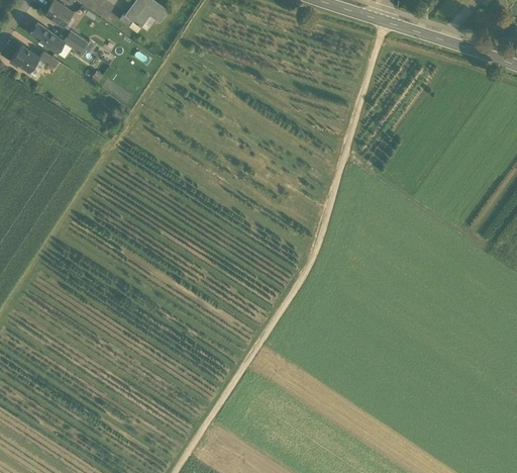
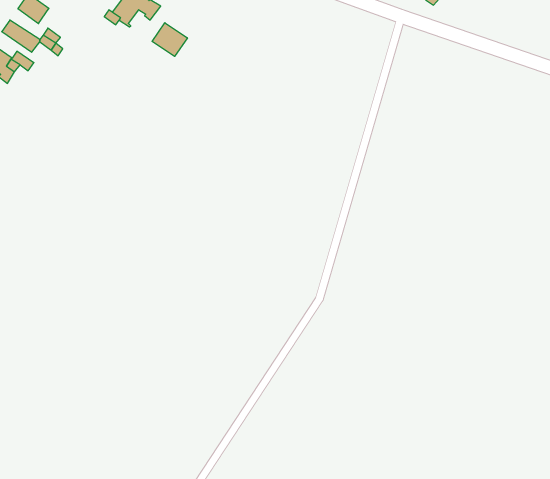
building: none -> [152,23,187,56]

